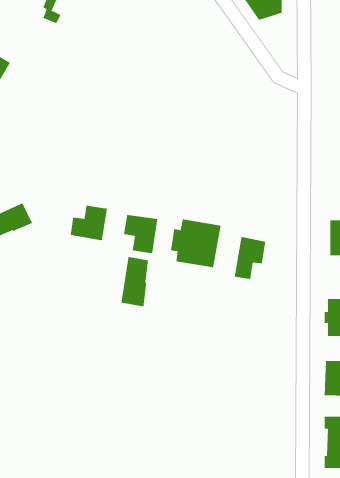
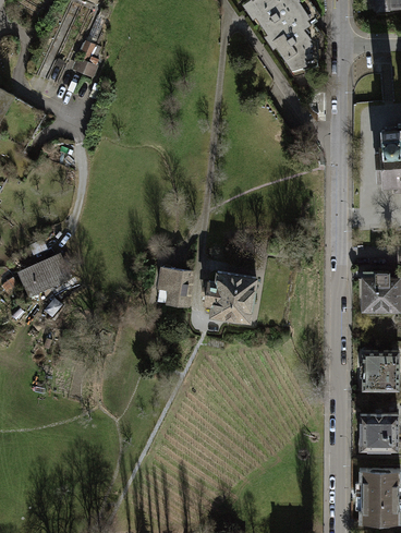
building: [70,205,107,241] -> none
building: [234,236,266,280] -> none
building: [121,256,149,307] -> none

